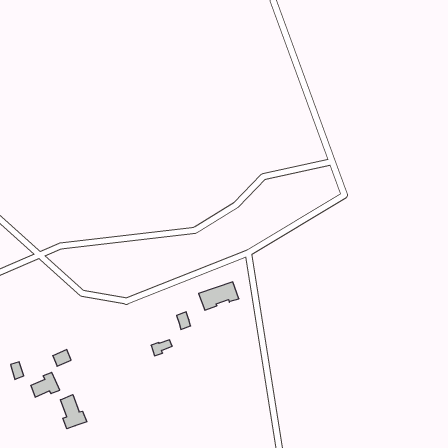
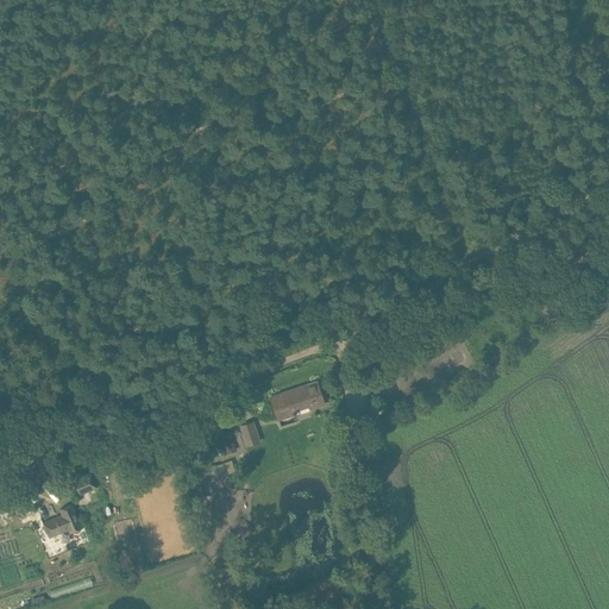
building: [60,395,87,429] -> none

